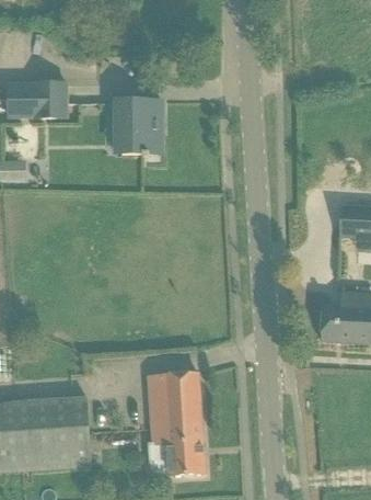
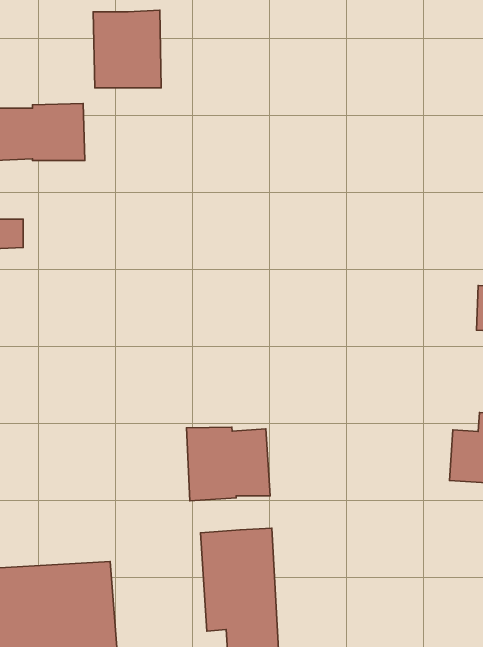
building: [114,100,161,154] -> [93,10,161,88]
building: none -> [187,427,270,501]

